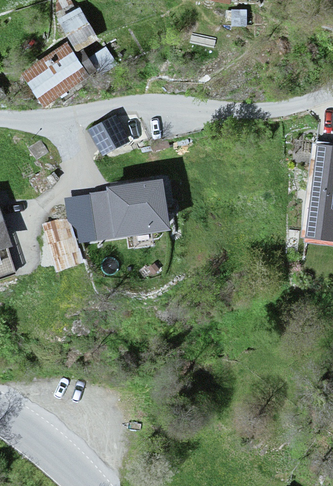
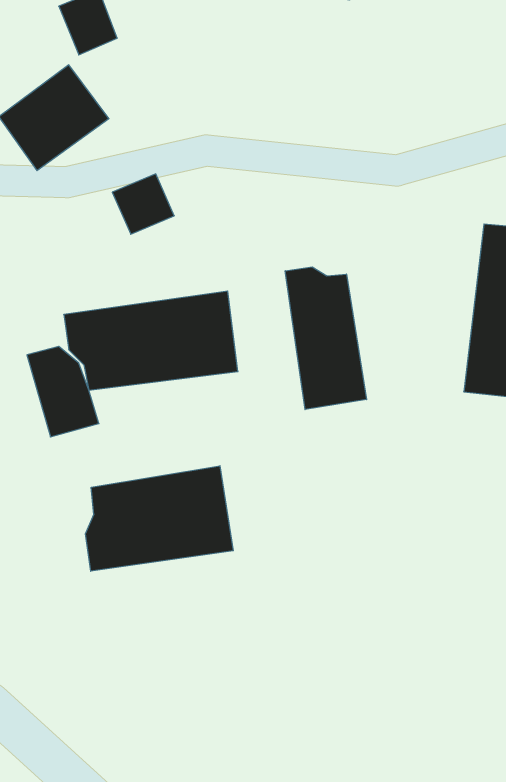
building: none -> [285,267,367,410]
building: none -> [85,466,233,571]

